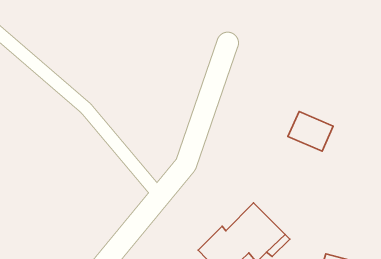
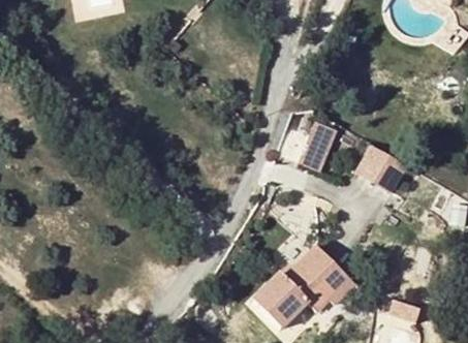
building: none -> [297,119,335,167]

